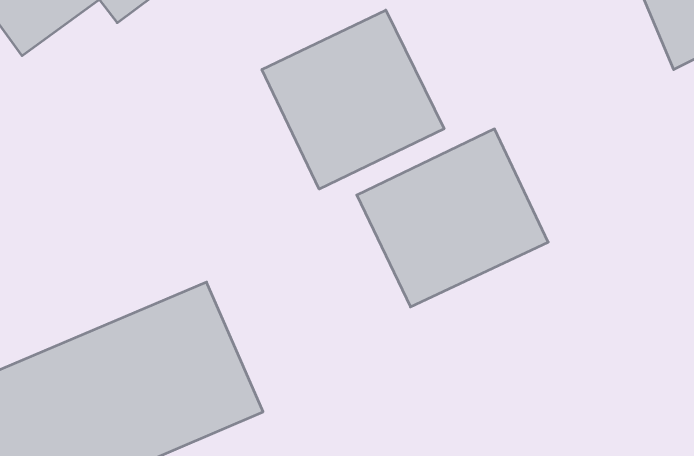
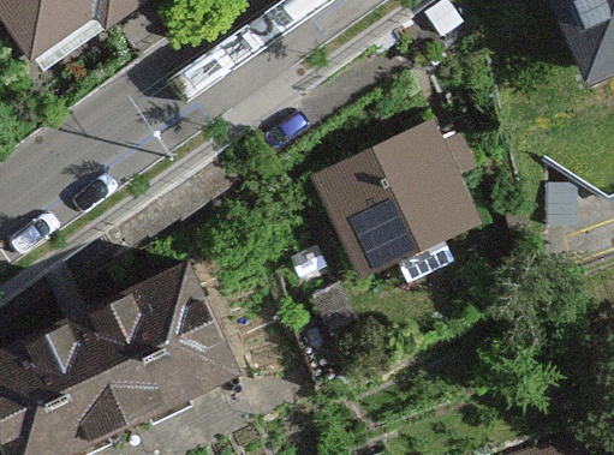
building: [262,10,444,189] -> none

